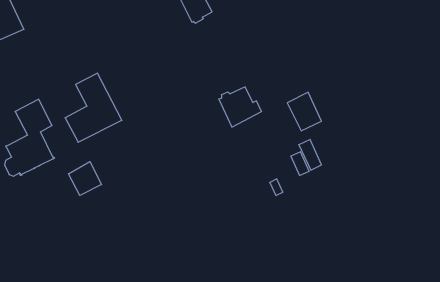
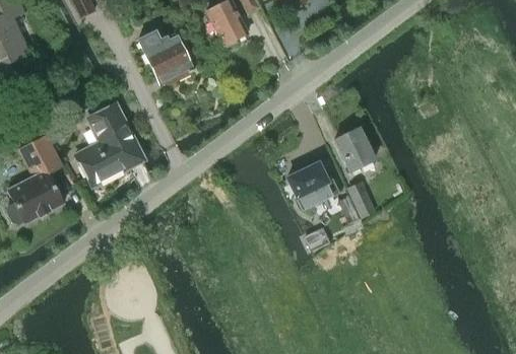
building: none -> [137,30,194,82]
building: [219,87,262,127] -> [288,162,338,209]
building: [68,162,102,195] -> none

